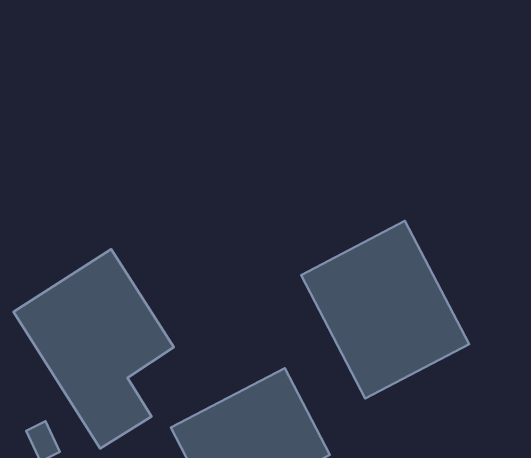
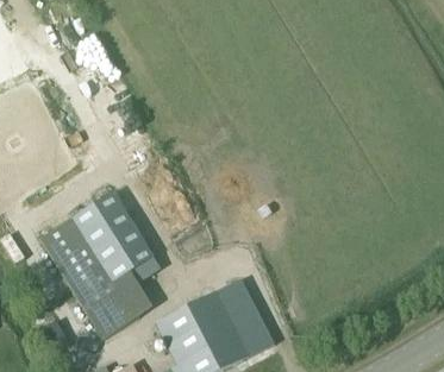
building: [301,221,469,399] -> none

